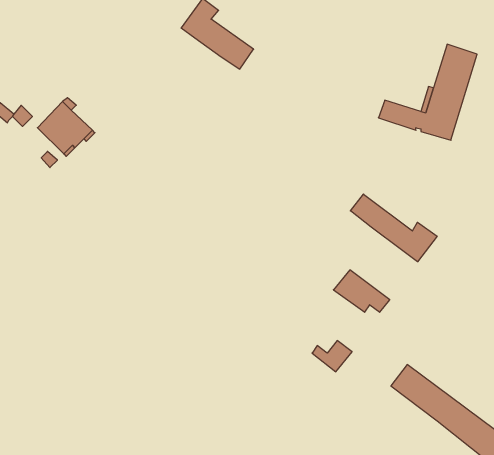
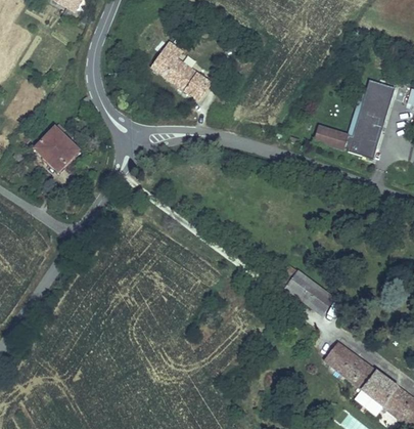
building: [350,194,437,262] -> none
building: [312,341,352,372] -> [302,289,334,314]

